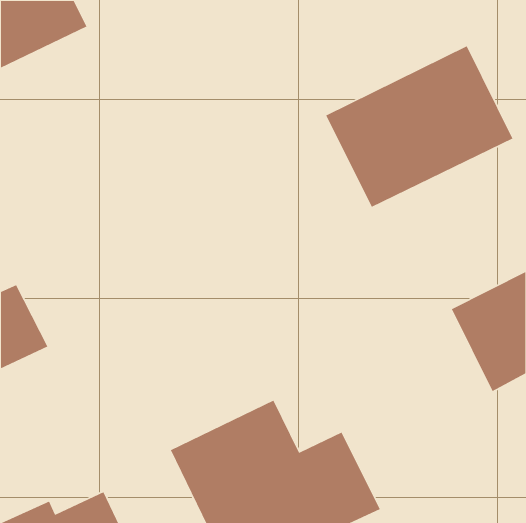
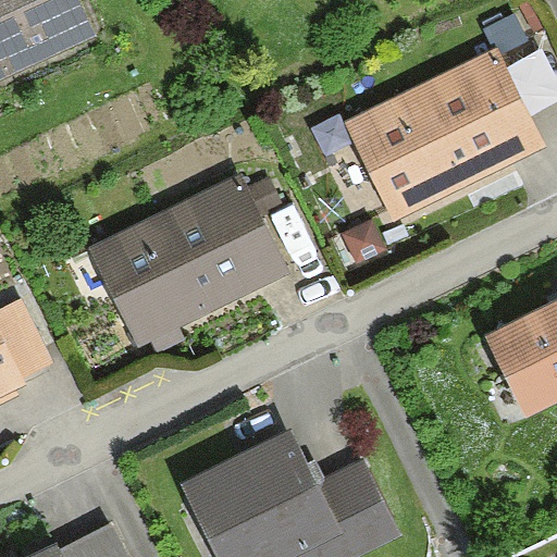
building: none -> [89,171,290,348]

